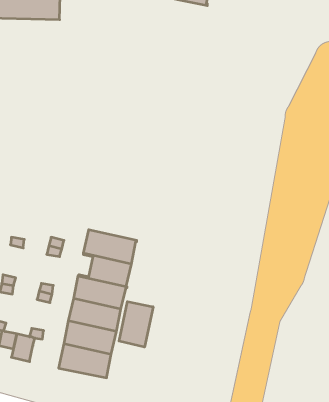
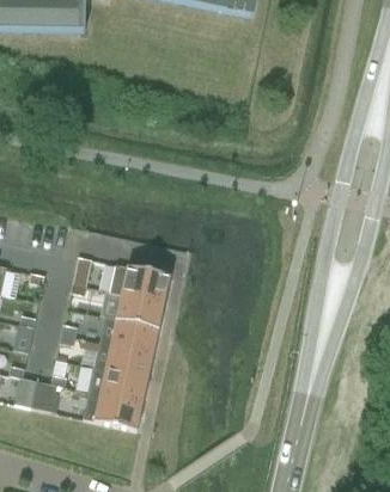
building: [119,302,153,347] -> none

